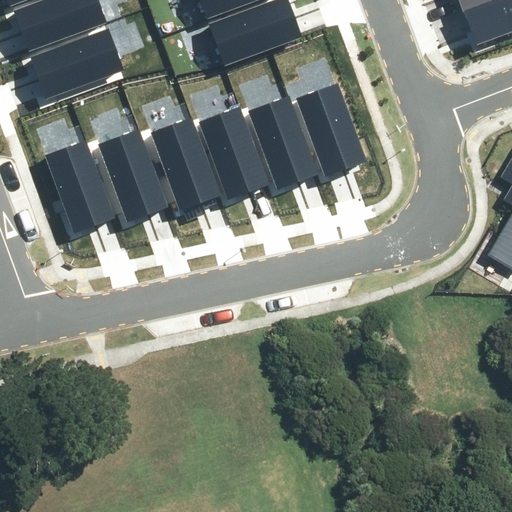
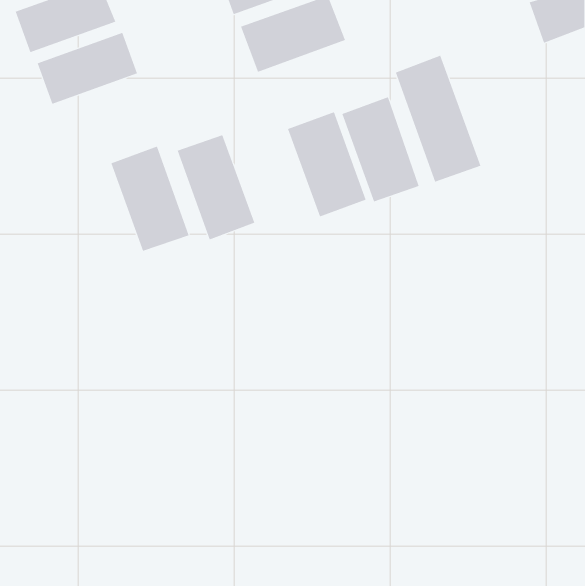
building: none -> [395,55,481,183]
building: [199,106,268,198] -> none
building: [42,140,110,231] -> none

